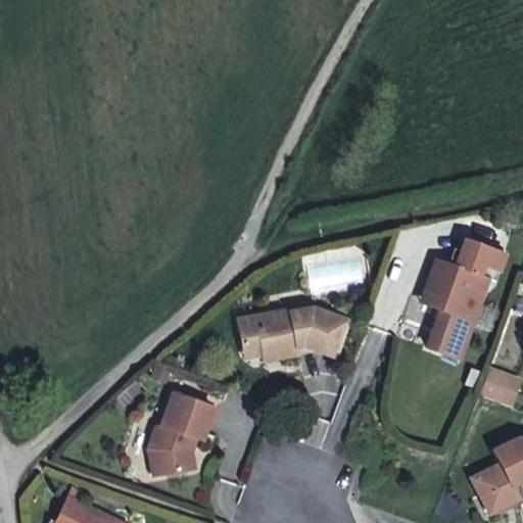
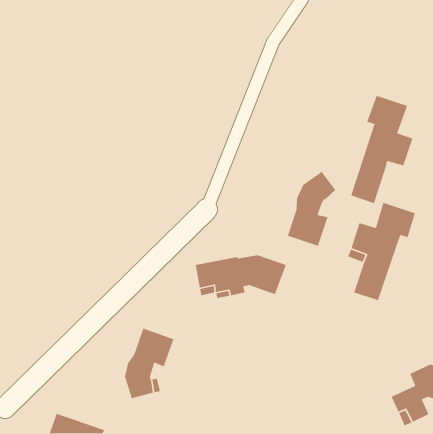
building: none -> [350,95,414,204]
building: none -> [287,171,336,247]

